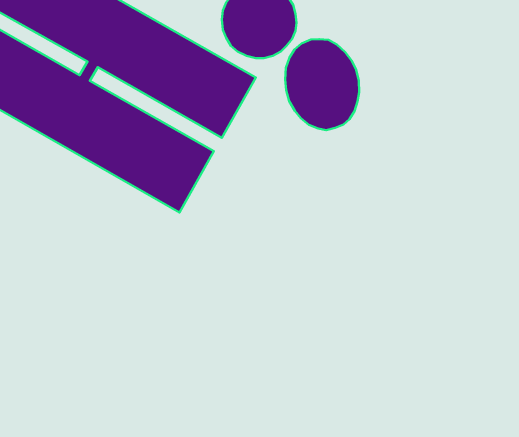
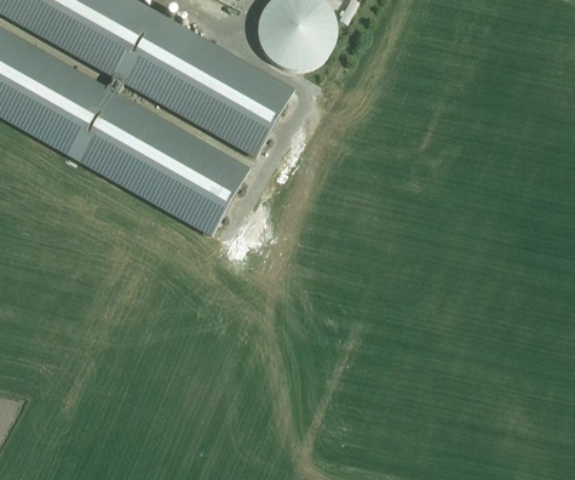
building: [285,39,359,130] -> none

